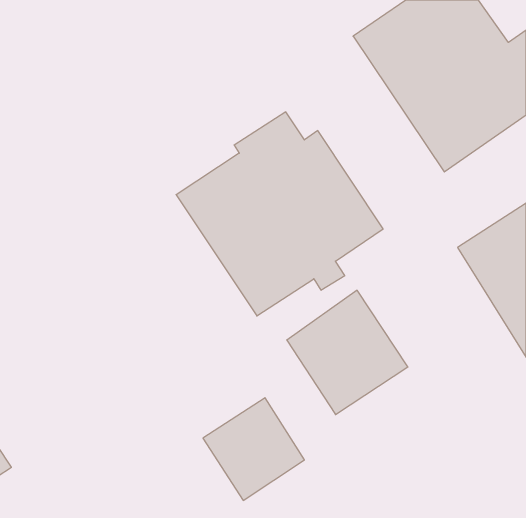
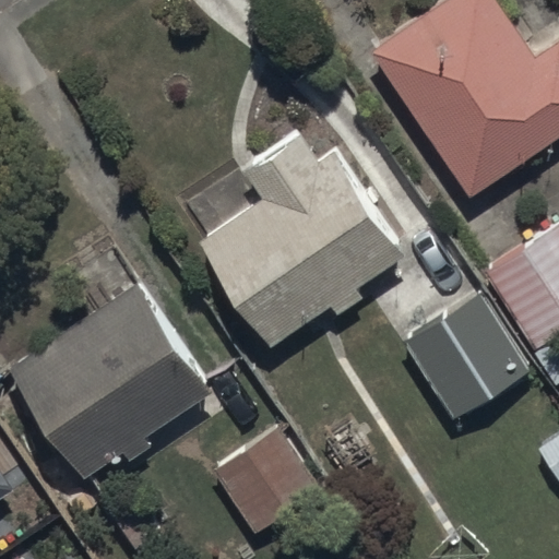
building: none -> [5,278,217,480]
building: [287,290,408,415] -> [402,288,530,419]

